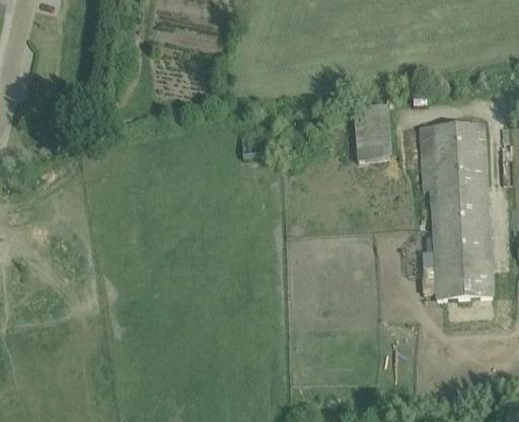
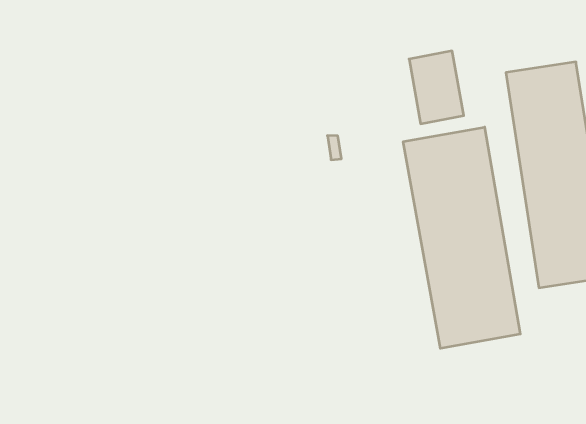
building: none -> [403,127,520,348]

